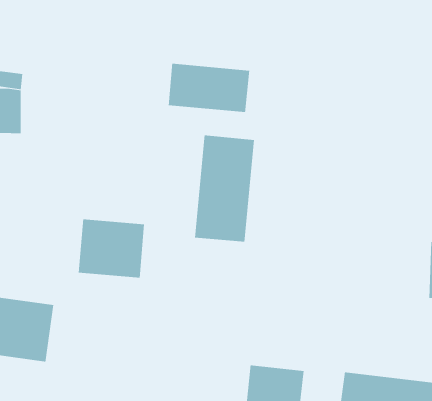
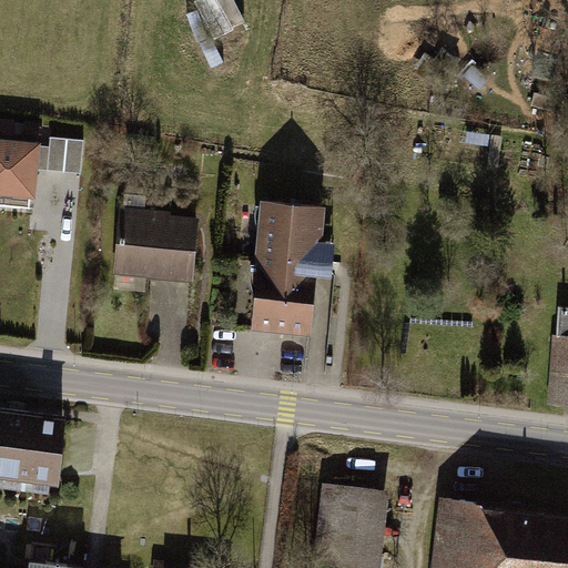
building: [168,63,250,113] -> none
building: none -> [42,135,81,173]
building: [78,219,145,278] -> [113,209,197,283]

